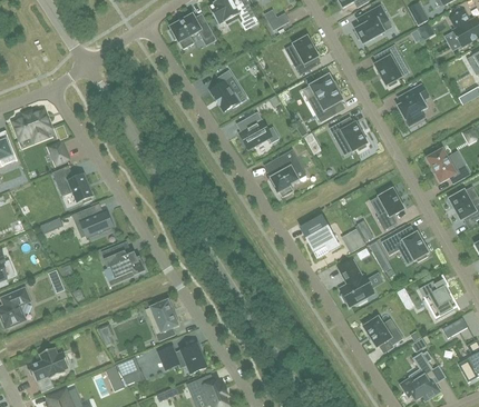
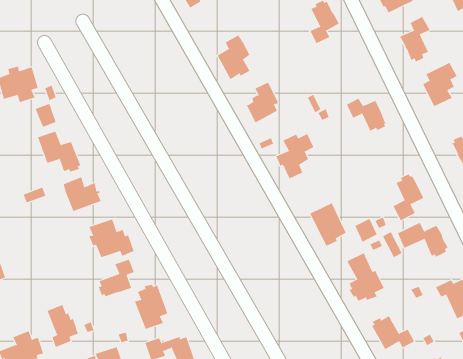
building: [310,73,344,122] -> none
building: none -> [98,259,135,297]
building: none -> [47,304,79,348]

